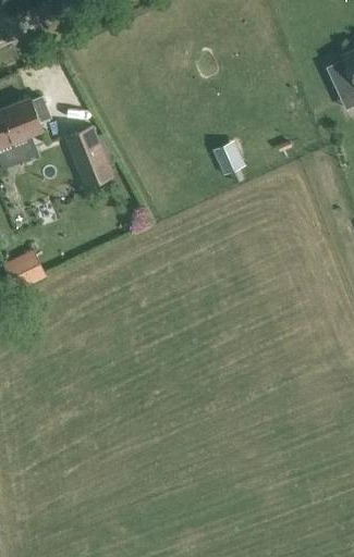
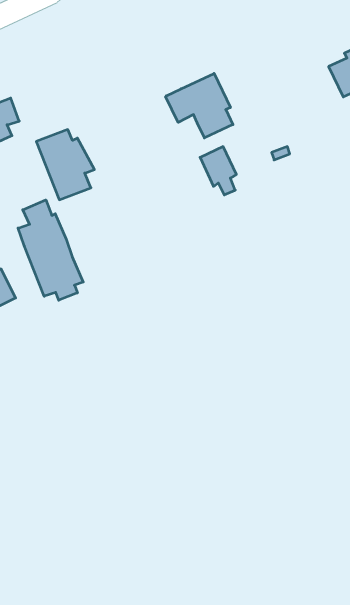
building: none -> [166,73,233,138]
building: none -> [18,200,83,300]

